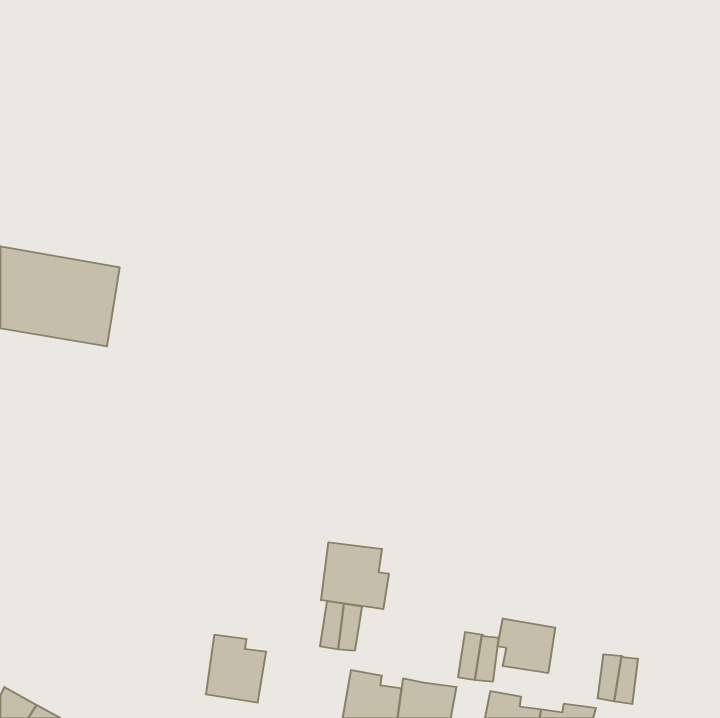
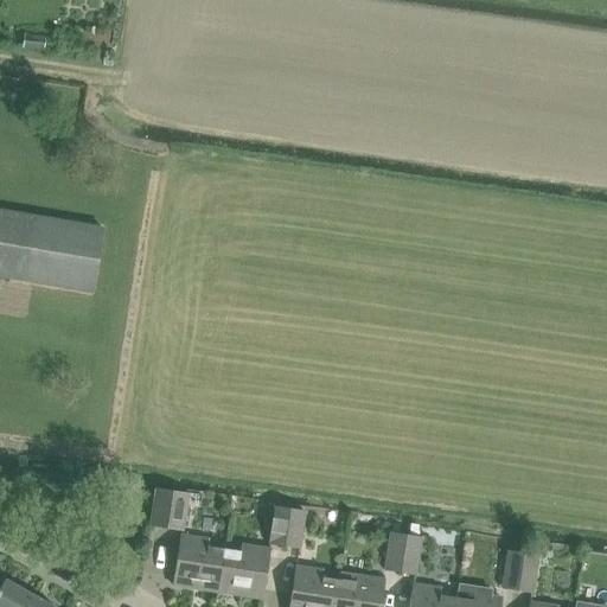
building: [321,542,389,609] -> none
building: none -> [151,487,186,530]
building: [498,618,555,673] -> none
building: none -> [217,544,269,599]

